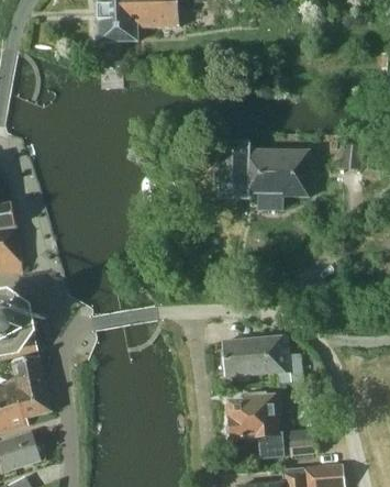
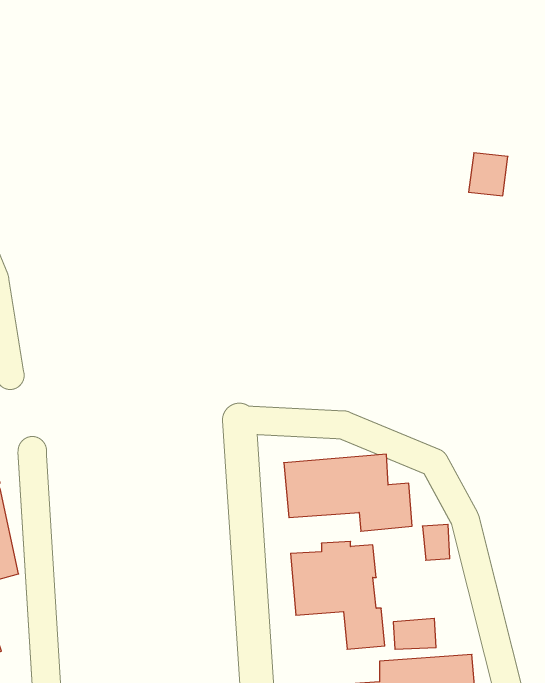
building: [220,140,310,209] -> none

